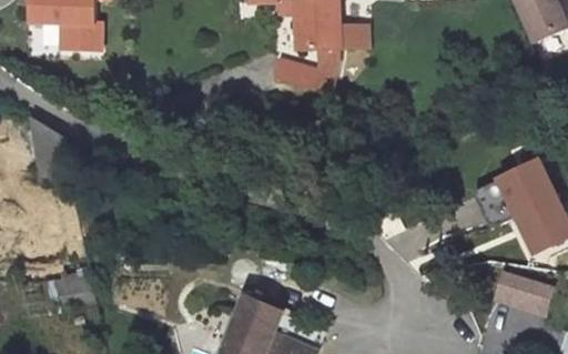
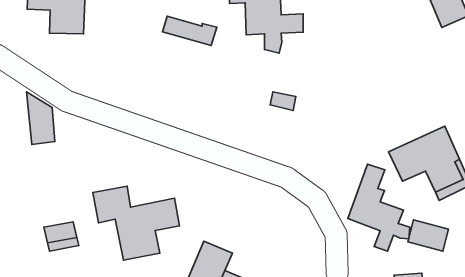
building: [272,58,337,93] -> [162,16,217,46]
building: none -> [348,164,410,251]
building: none -> [93,186,180,260]

